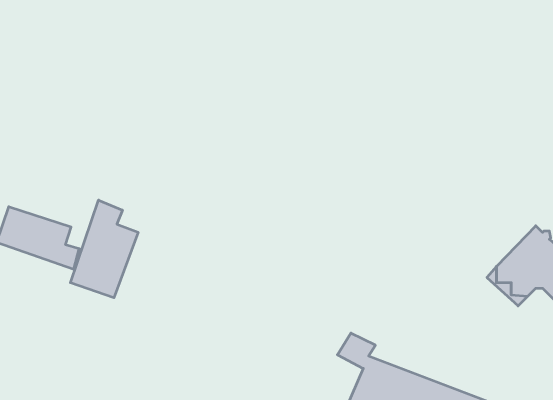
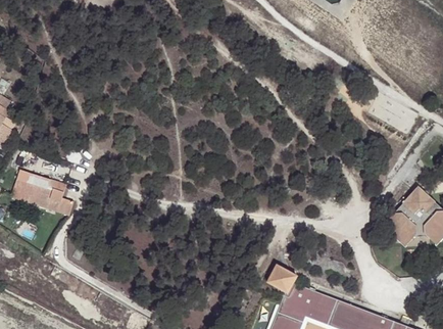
building: [70,200,138,298] -> none

